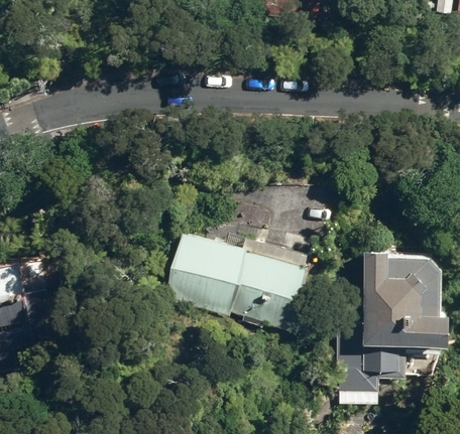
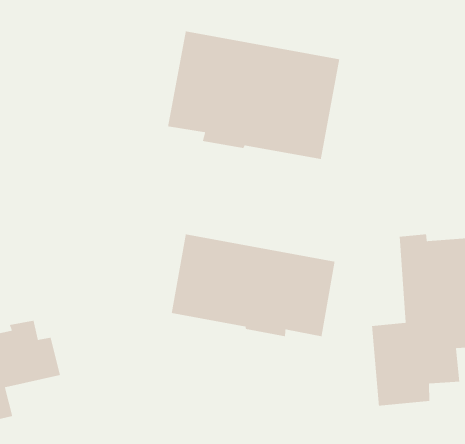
building: none -> [167,31,340,160]

